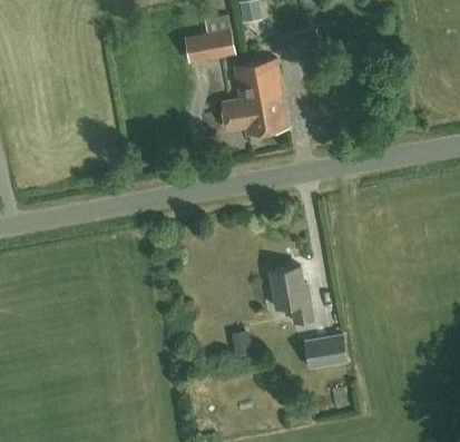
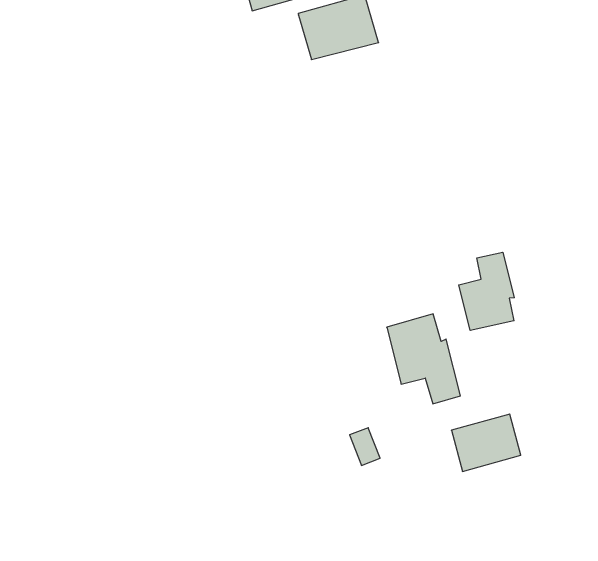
building: [221,90,287,135] -> none
building: none -> [459,252,514,330]

